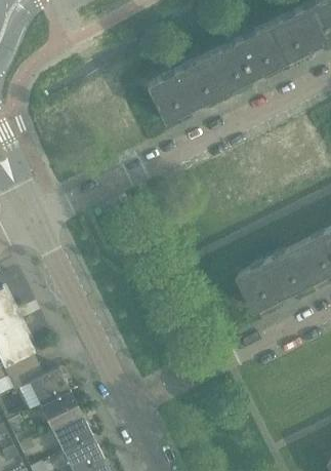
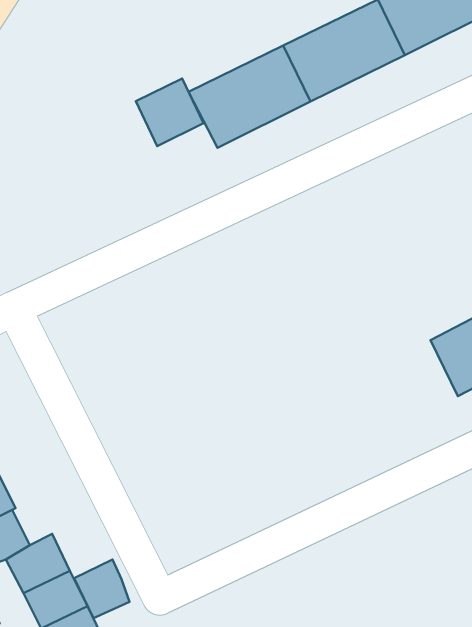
building: none -> [136,78,204,146]
building: [239,244,318,311] -> none
building: none -> [74,560,130,618]

